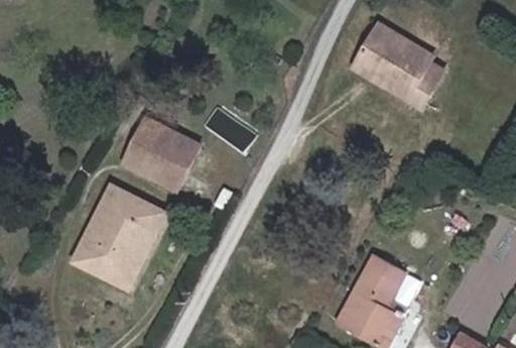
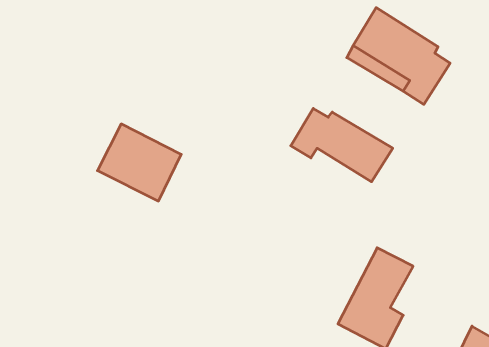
building: none -> [291,108,393,182]
building: [71,191,165,292] -> none

